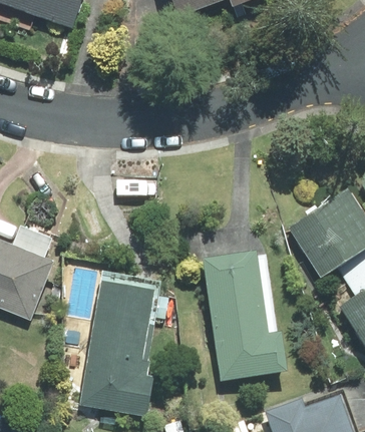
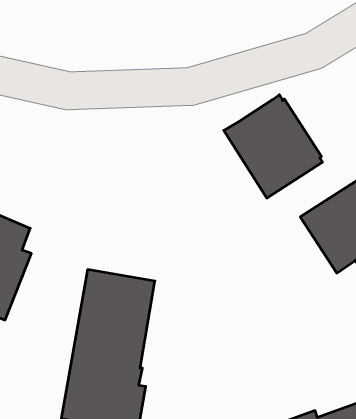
building: none -> [224,95,322,198]
building: [203,252,286,380] -> none

